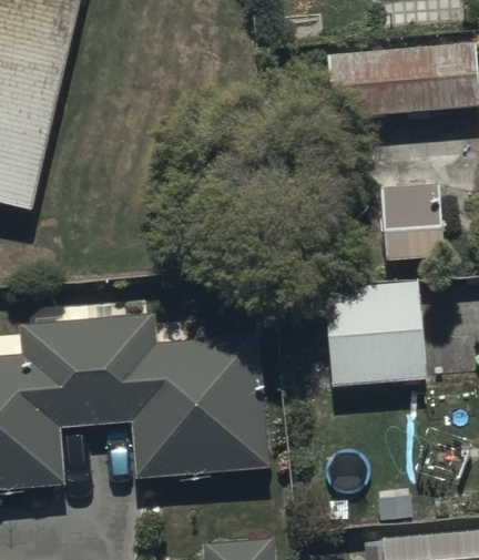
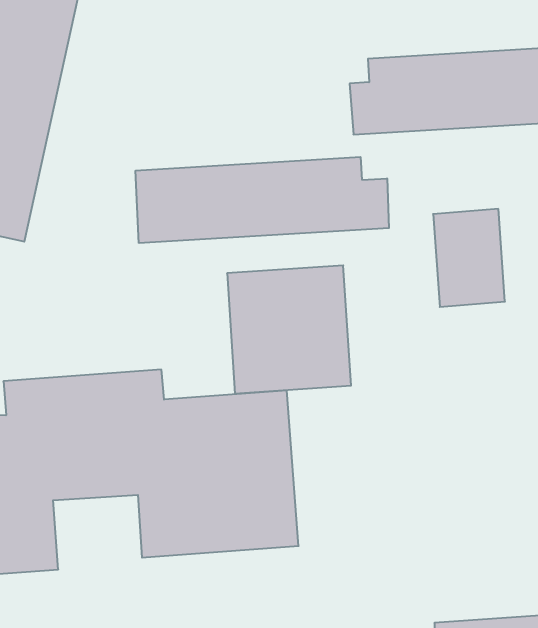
building: none -> [136,157,389,243]
building: [320,278,426,387] -> [227,265,351,393]

